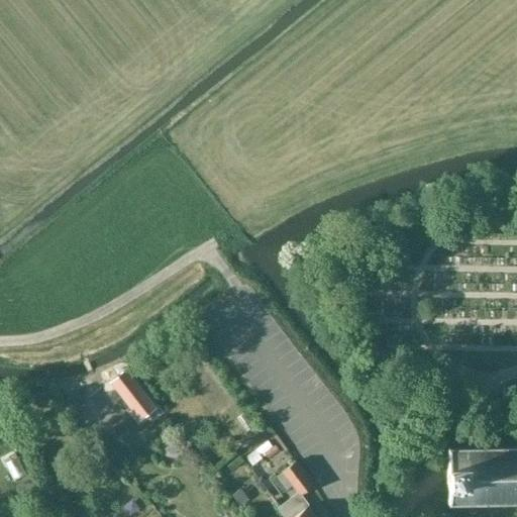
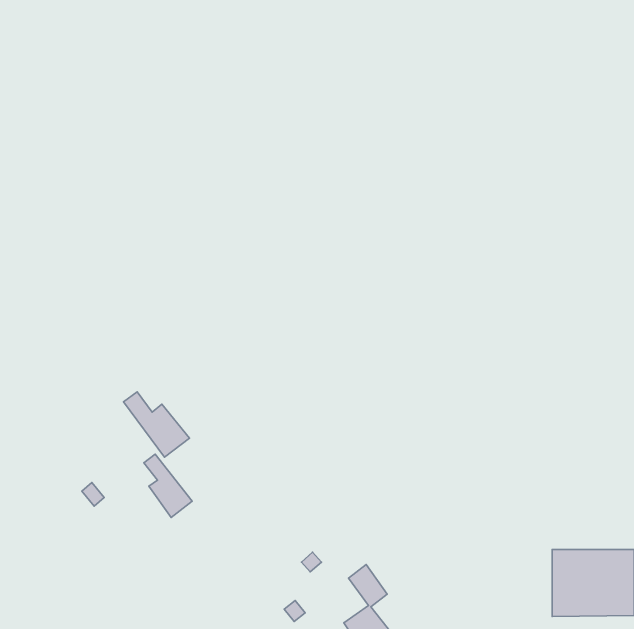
building: none -> [124,392,190,457]

